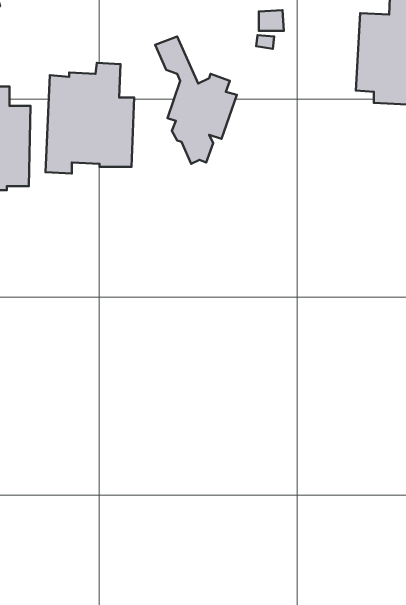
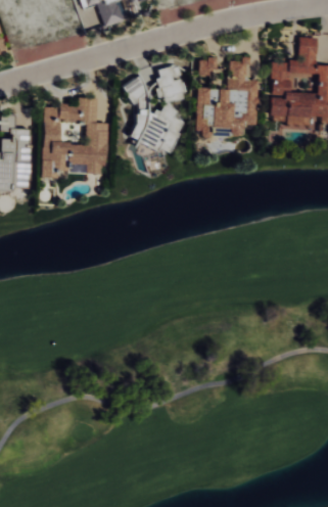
building: none -> [196,56,260,136]
building: none -> [156,64,186,103]

